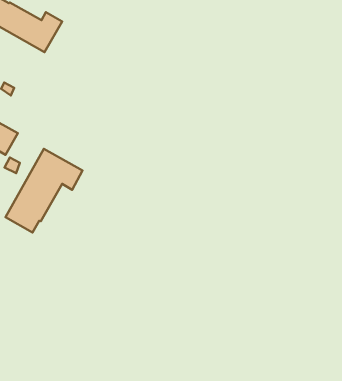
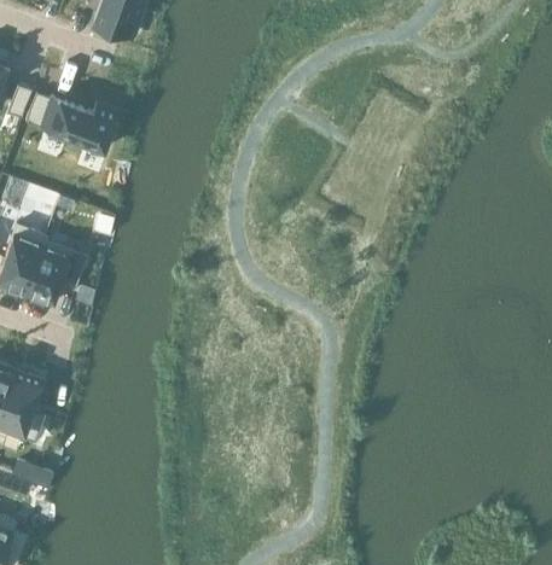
building: [5,149,83,233] -> none

